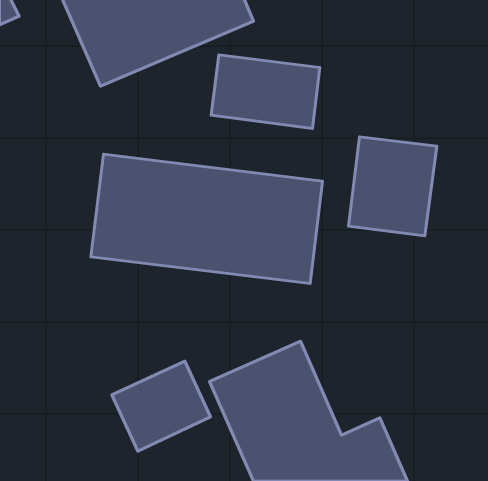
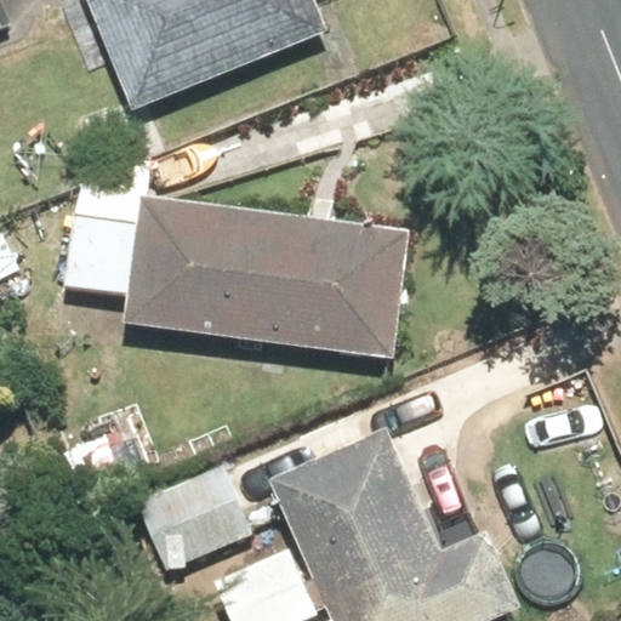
building: [211,55,320,128] -> none
building: [349,137,437,236] -> none

